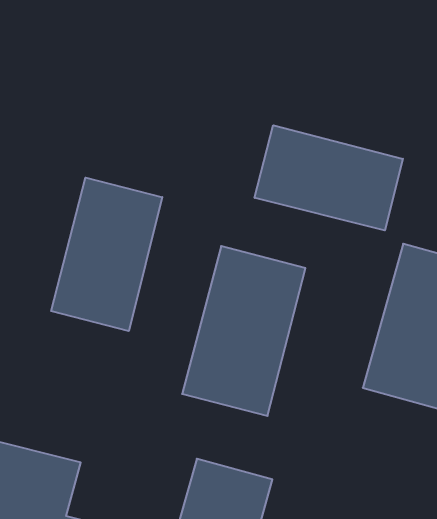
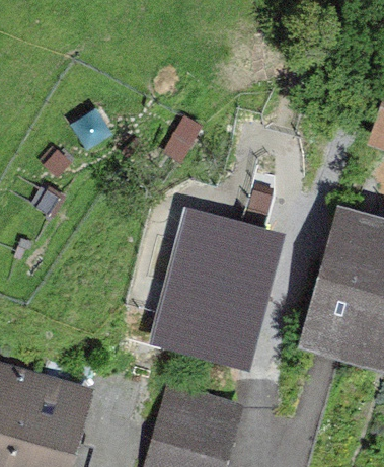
building: [255,125,403,230] -> none
building: [51,178,162,331] -> none

